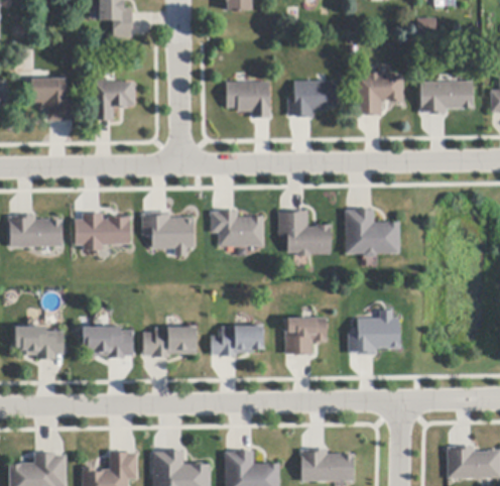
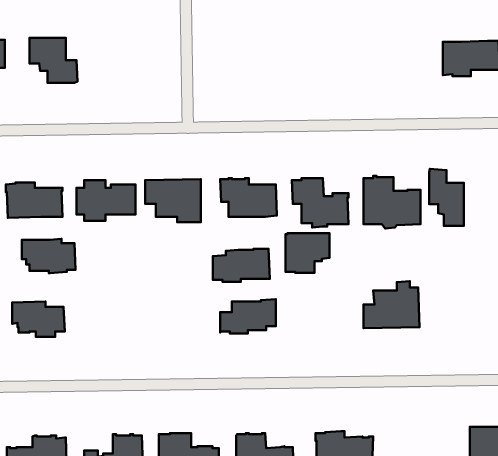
building: [356,73,403,116] -> none
building: [93,79,135,120] -> none
building: [288,80,337,117] -> none
building: [227,81,271,118] -> none
building: none -> [429,169,464,226]
building: [285,318,327,355] -> [285,233,329,273]
building: [83,326,133,358] -> [22,239,75,273]
building: [143,326,197,357] -> [213,249,270,282]

